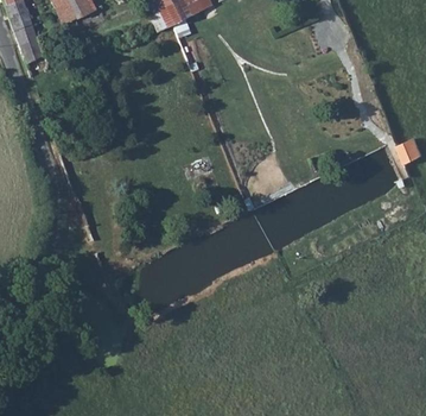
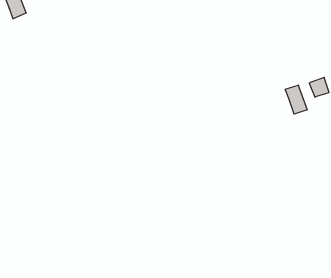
building: none -> [285,85,307,114]

